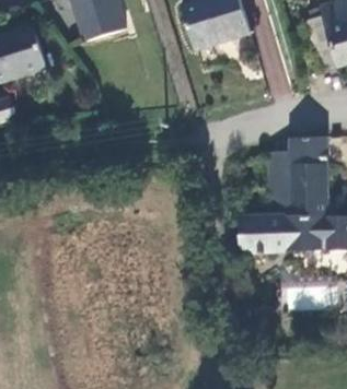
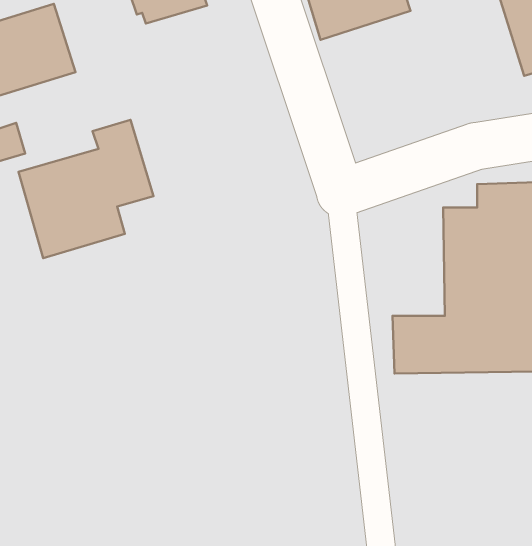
building: none -> [19,120,154,258]

